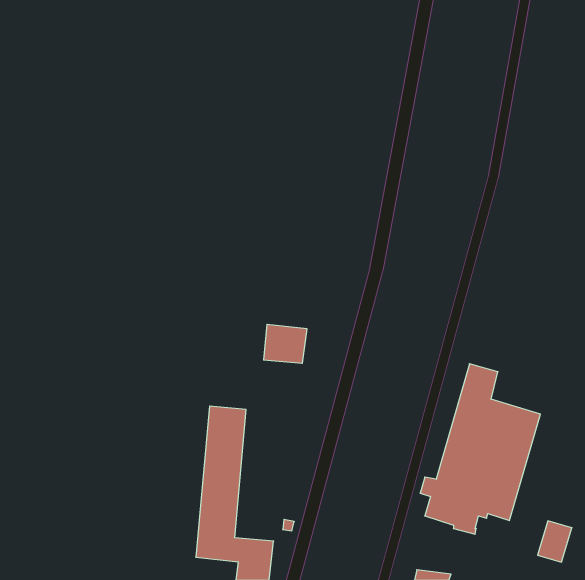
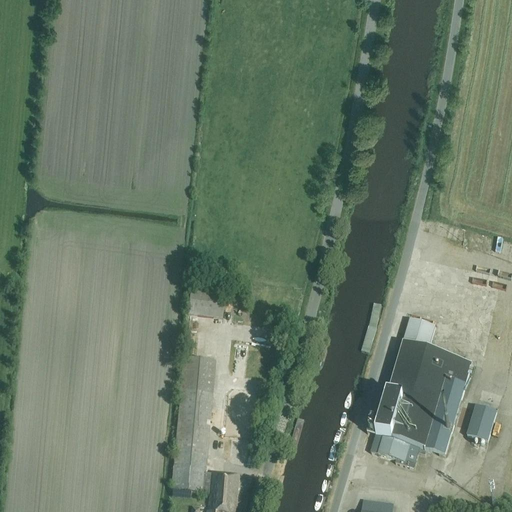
building: [264,324,307,363] -> [188,282,226,316]
building: [538,521,572,562] -> [467,405,497,441]

